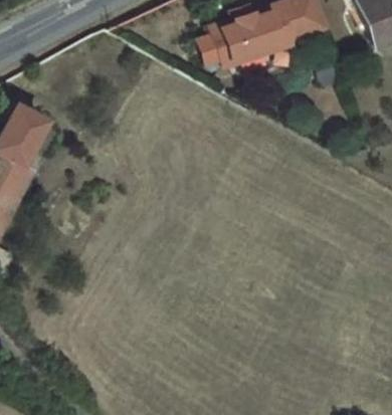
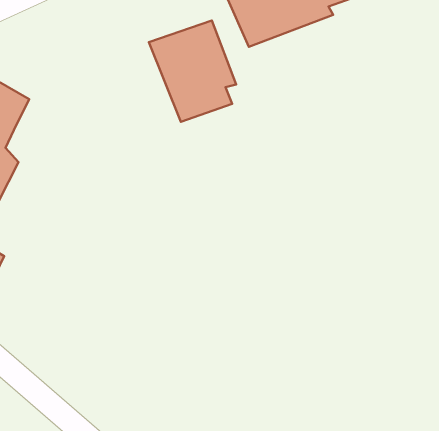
building: none -> [149,21,236,122]

